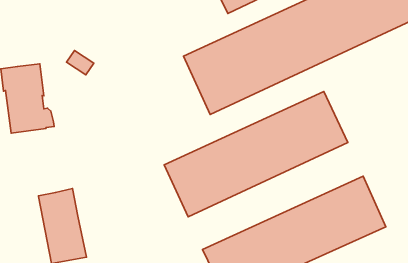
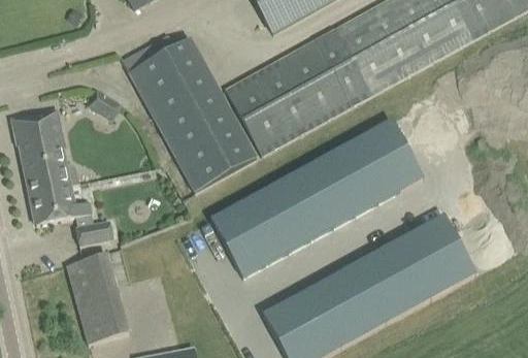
building: none -> [129,38,258,193]
building: none -> [30,185,112,245]

